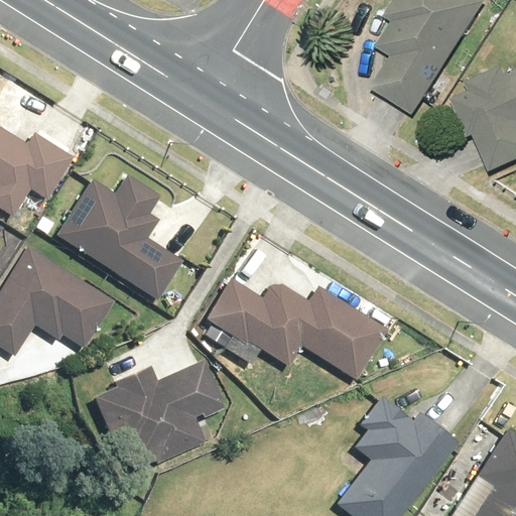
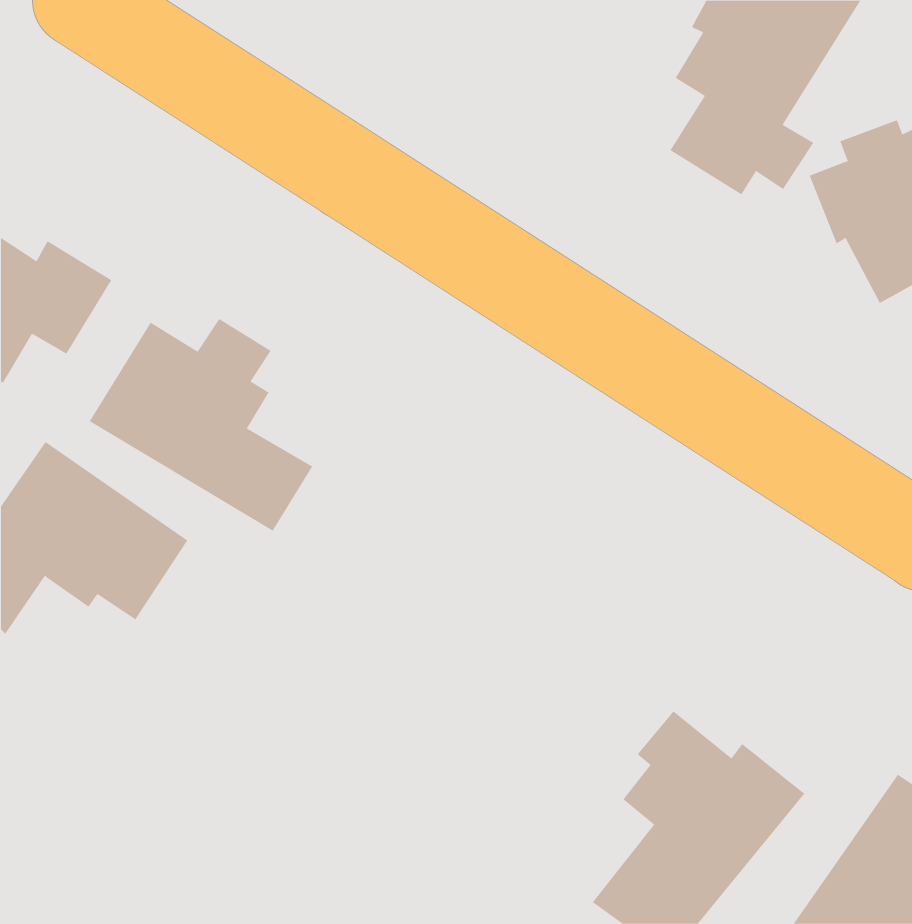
building: [203,278,383,377] -> none
building: [91,361,222,469] -> none

